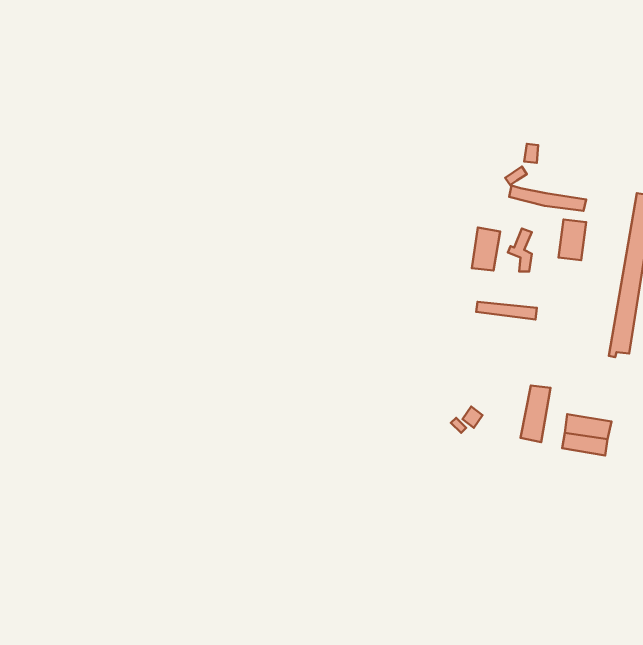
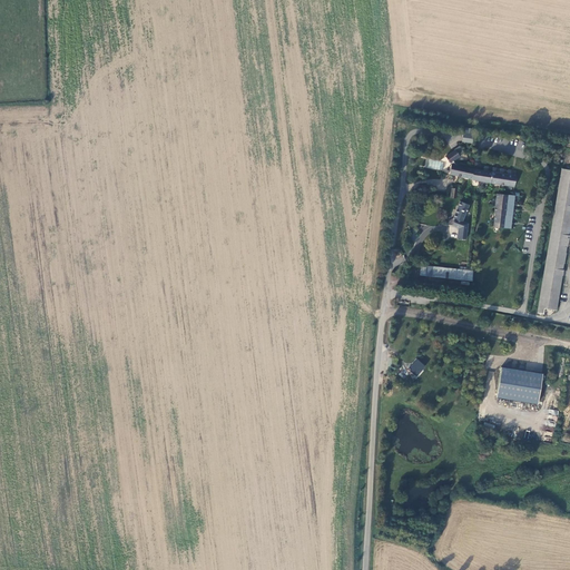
building: [472,227,500,271] -> none
building: [521,385,550,442] -> none

